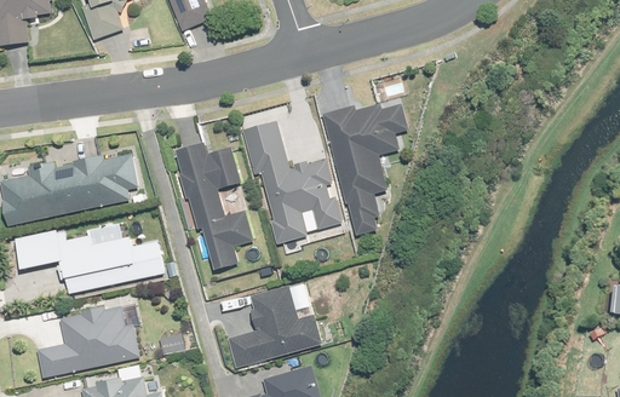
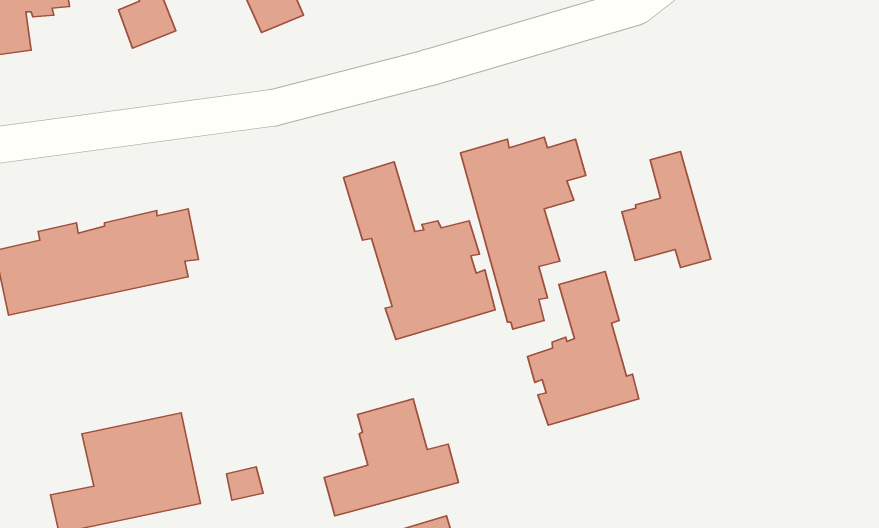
building: none -> [622,151,711,268]
building: [173,142,252,269] -> none
building: none -> [528,272,639,425]
building: [16,223,165,293] -> none

